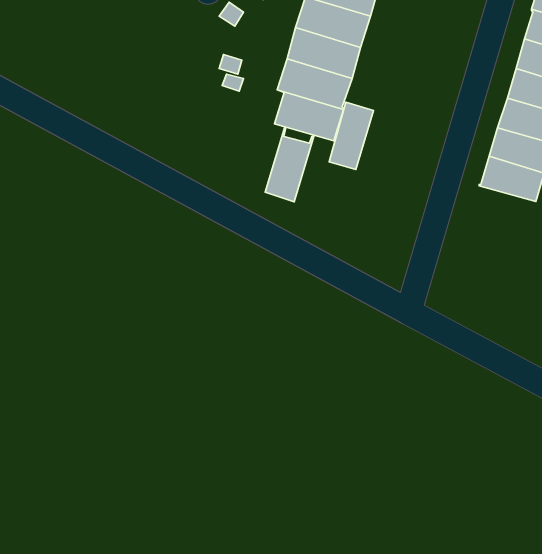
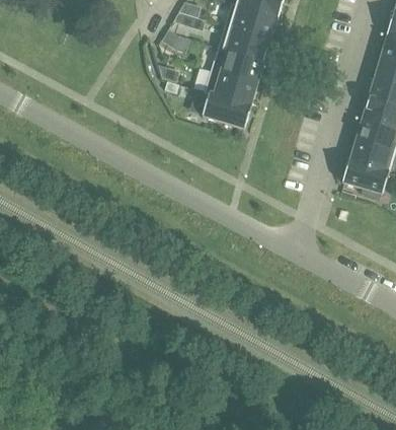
building: [329,102,374,169] -> none
building: [265,127,314,202] -> none
building: none -> [341,159,389,193]

